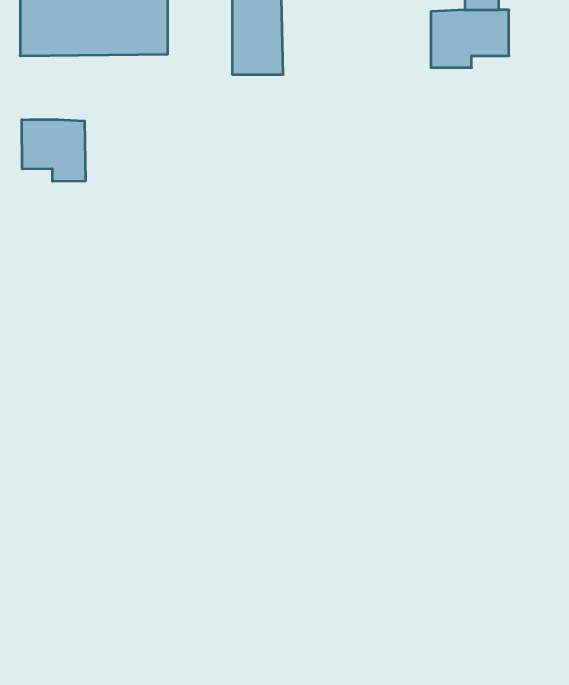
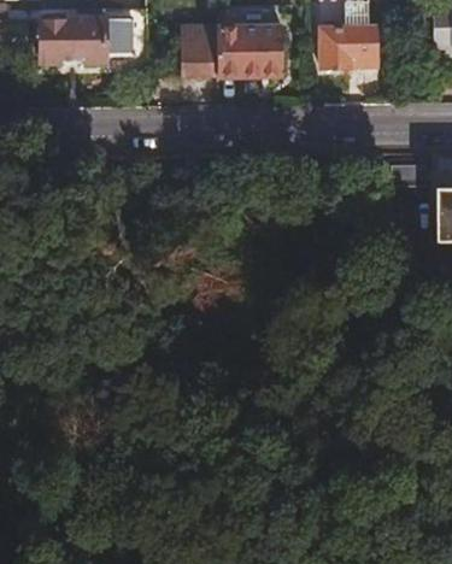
building: none -> [219,35,288,74]
building: [22,119,85,181] -> none

